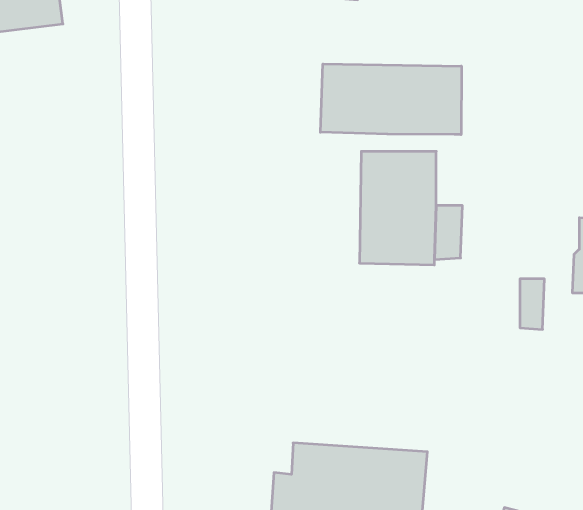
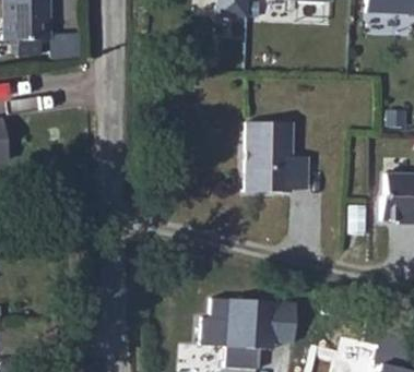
building: [320,64,461,135] -> none

